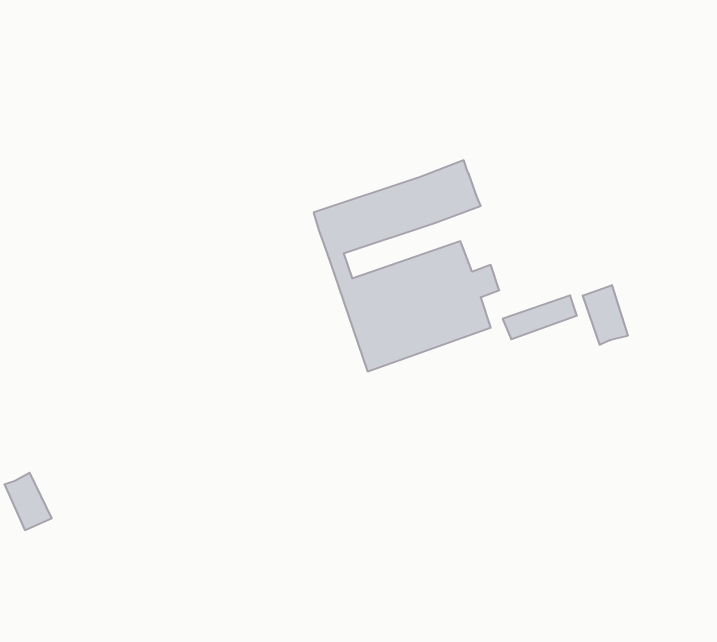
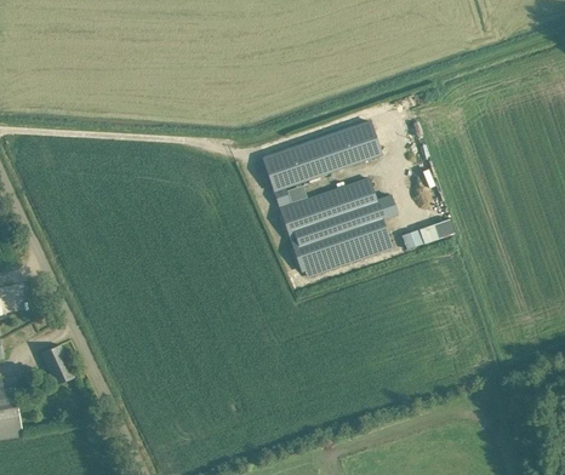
building: [583,285,628,345] -> none

